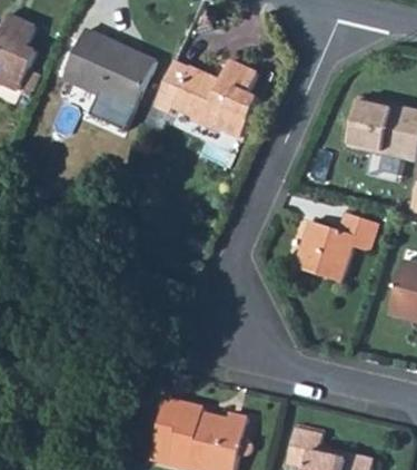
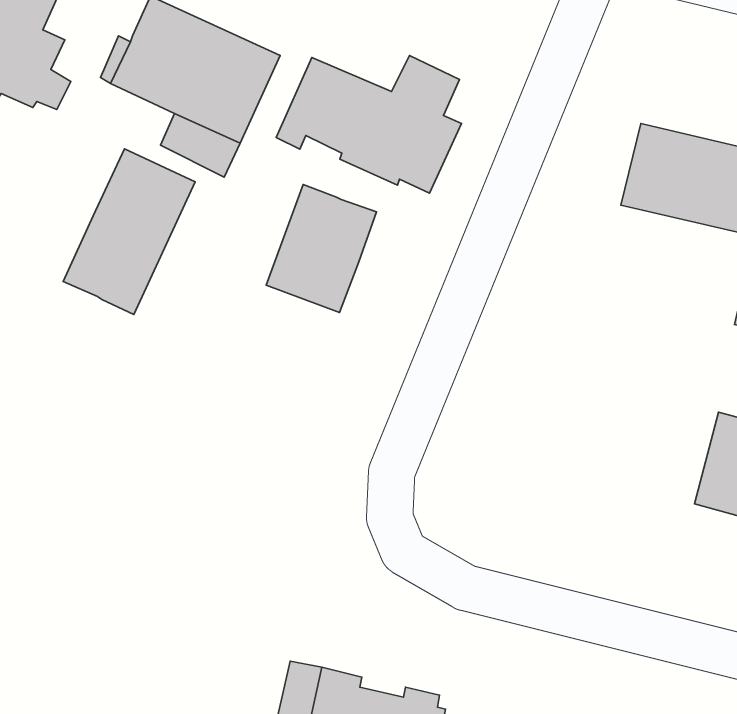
building: none -> [63,149,195,315]
building: none -> [266,185,377,312]
building: [298,212,378,281] -> none

